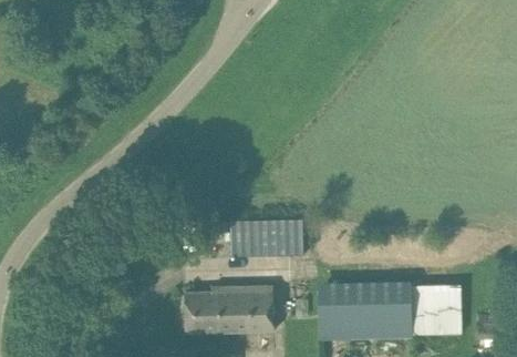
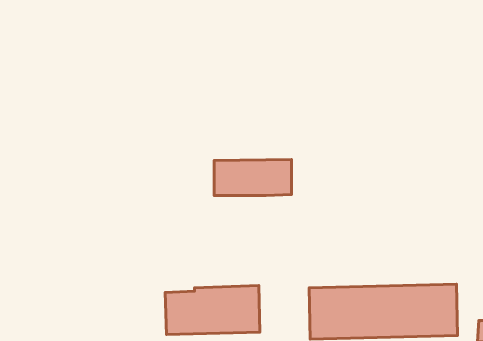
building: [230,221,303,255] -> [214,159,292,196]

